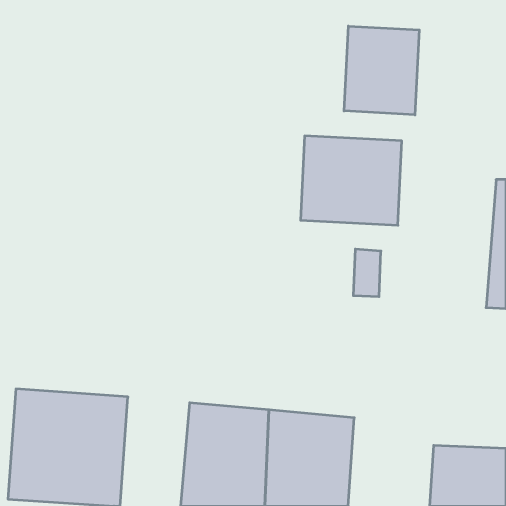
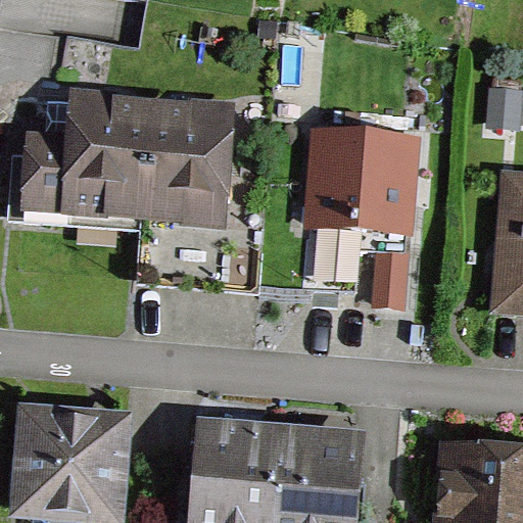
building: [344,26,419,115] -> none
building: none -> [35,107,234,228]

